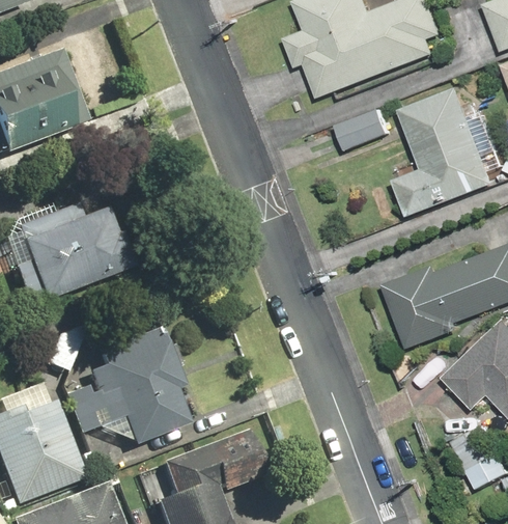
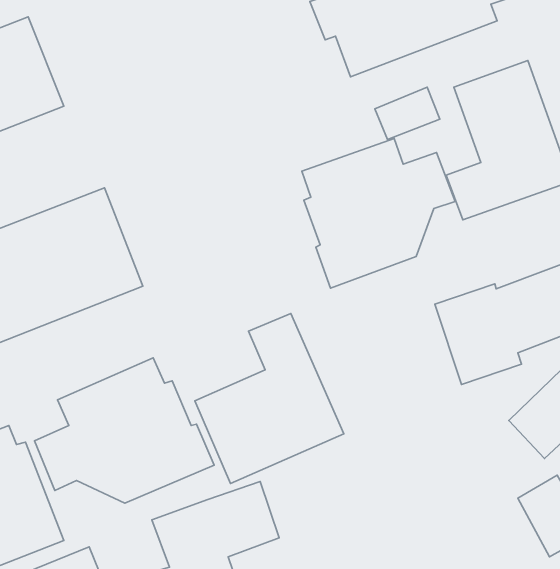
building: none -> [302,138,455,288]
building: none -> [195,313,344,483]

